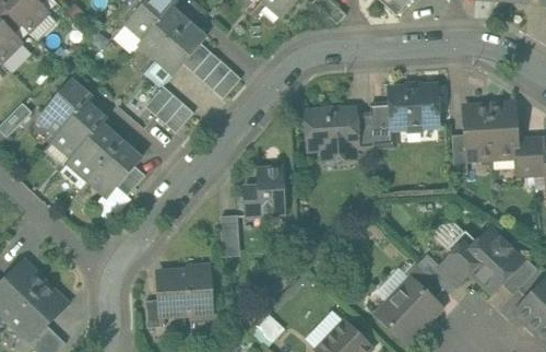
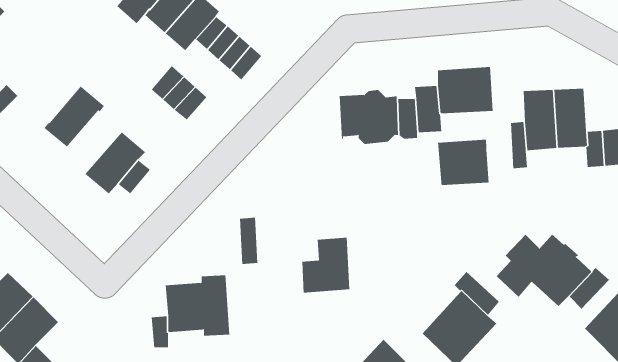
building: [38,81,91,134] -> none
building: [69,125,120,178] -> none
building: none -> [437,139,489,186]
building: [244,167,285,215] -> [302,237,350,293]

